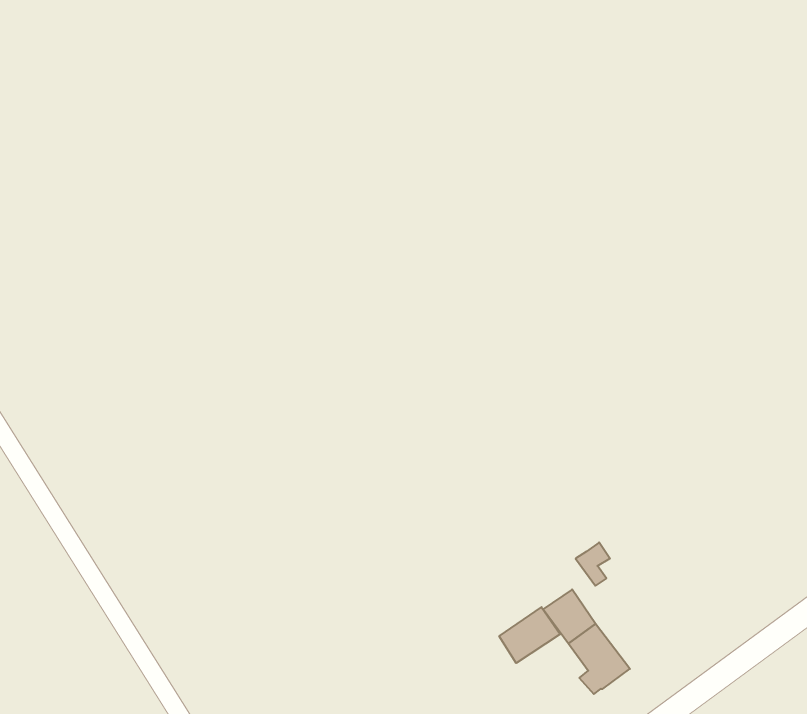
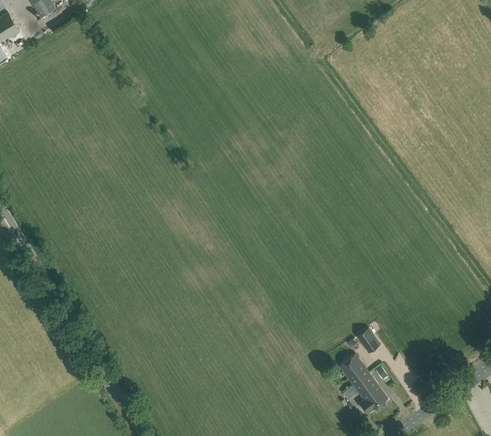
building: [499,607,560,663] -> none

